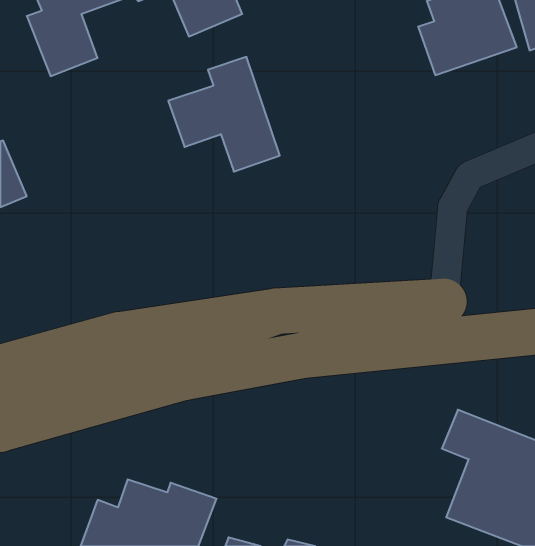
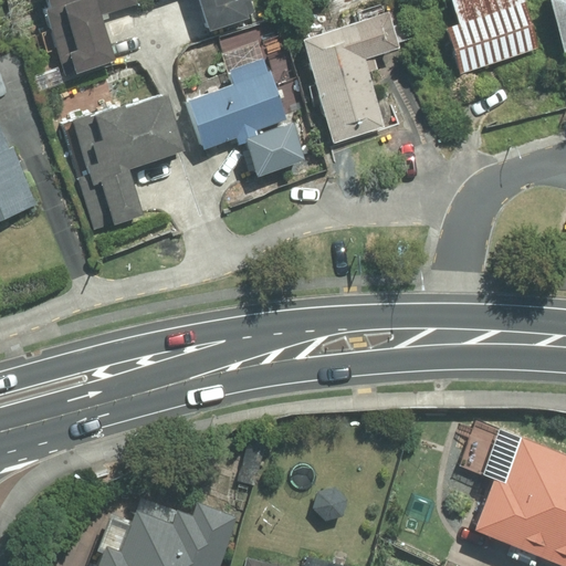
building: none -> [297,12,395,144]
building: none -> [66,91,189,228]

